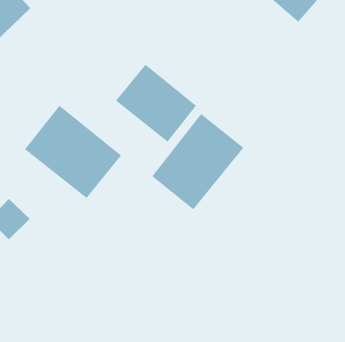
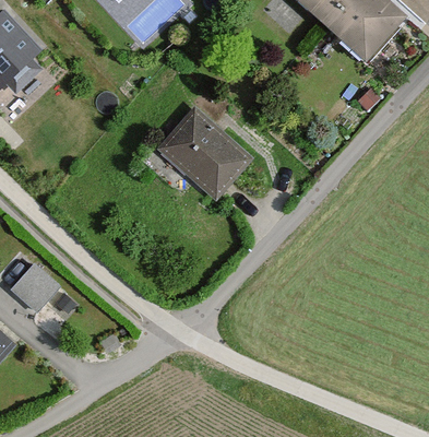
building: [24,105,122,199] -> none
building: [151,113,244,210] -> none

